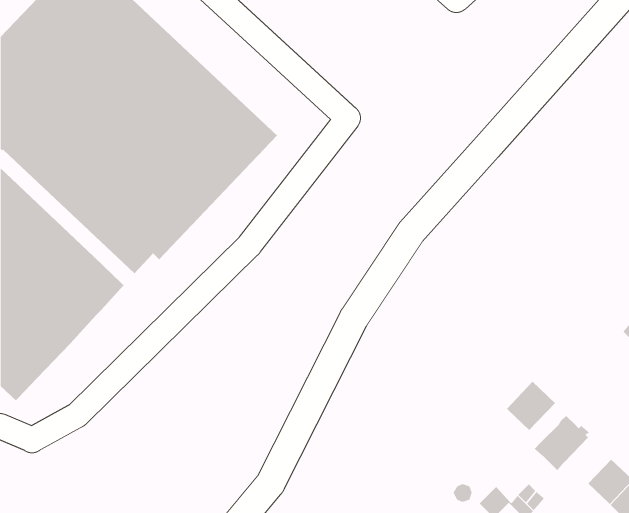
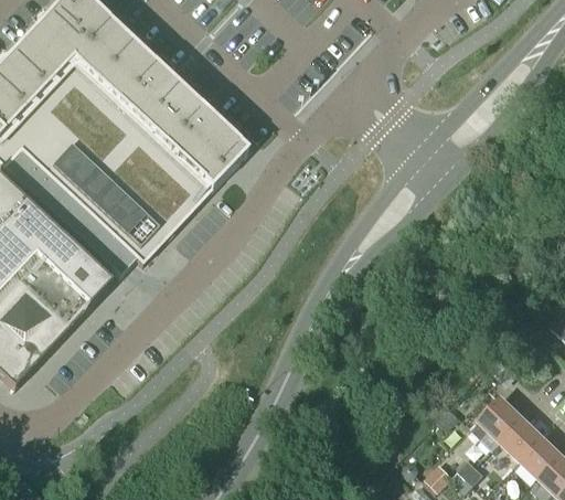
building: [506,381,556,431] -> none
building: none -> [500,413,541,454]

